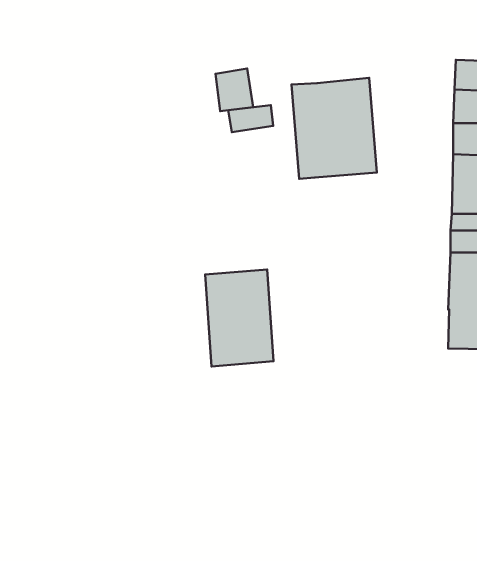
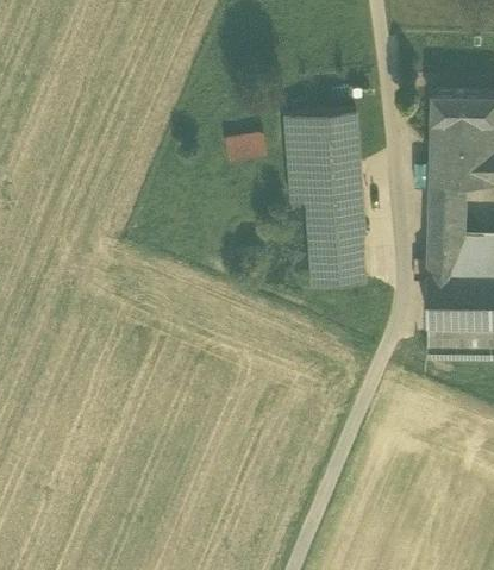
building: [216,68,253,111] -> none
building: [205,269,274,366] -> [304,192,367,281]

